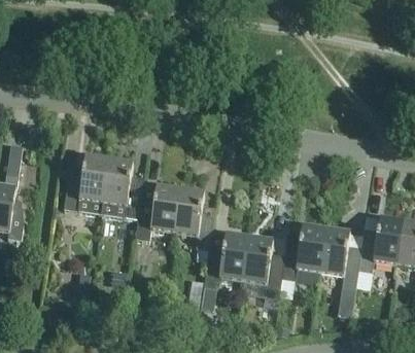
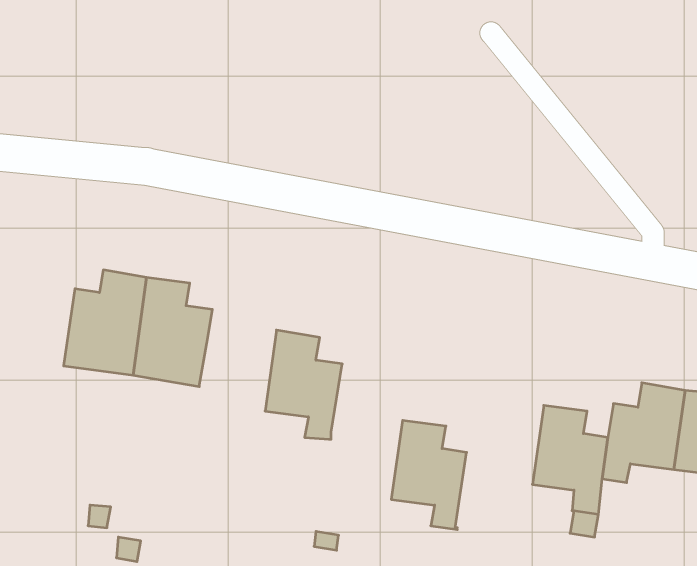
building: [135,185,180,240] -> none
building: [278,225,326,298] -> none
building: [204,234,249,288] -> none

